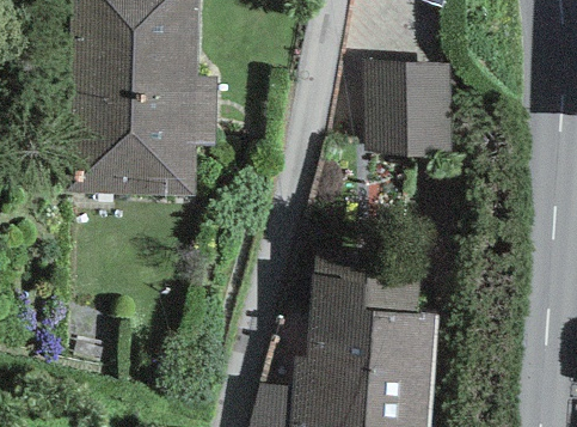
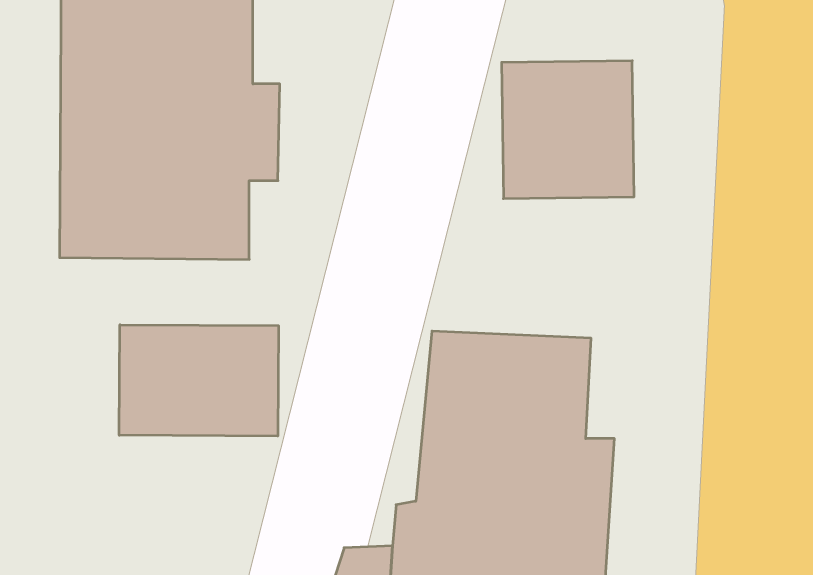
building: none -> [119,325,278,436]

